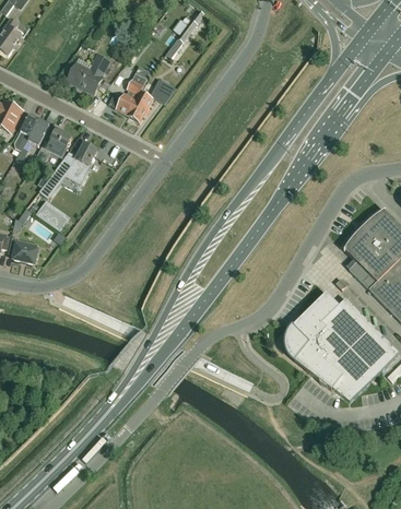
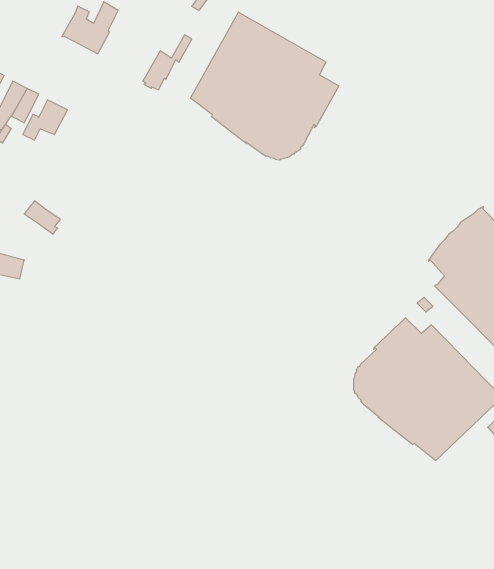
building: none -> [190,12,339,160]
building: [108,68,149,114] -> none
building: [40,142,97,196] -> none

